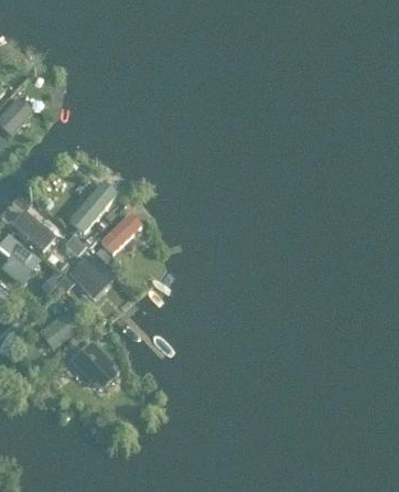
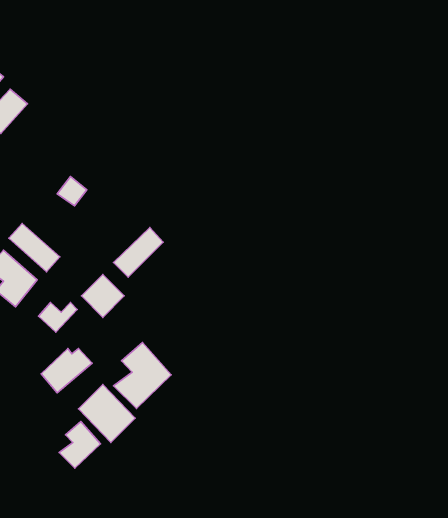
building: [68,181,116,233] -> none
building: none -> [114,343,171,408]
building: none -> [59,421,100,468]

